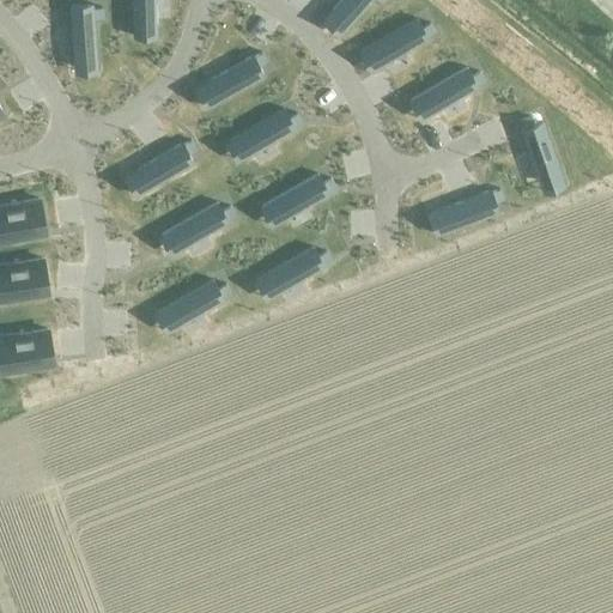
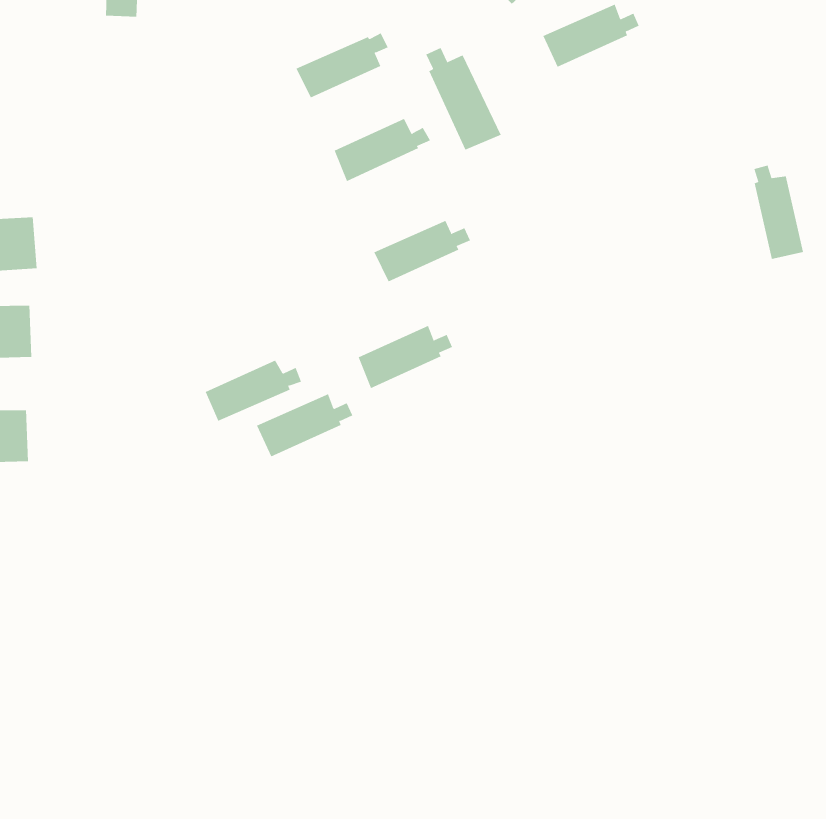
building: none -> [426,47,501,151]
building: [418,68,482,115] -> none
building: [133,141,194,190] -> none
building: [437,190,500,232] -> none
building: [168,204,232,250] -> [256,394,353,457]

